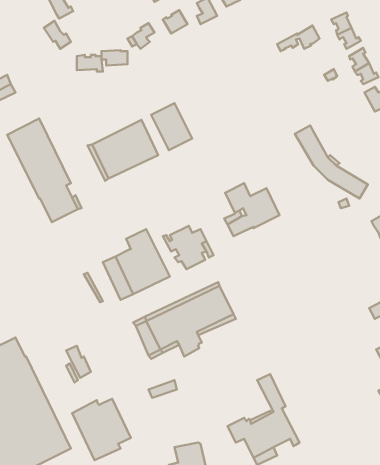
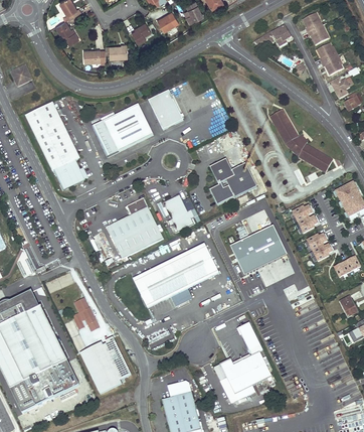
building: none -> [292,204,319,233]
building: none -> [230,227,286,275]
building: none -> [306,233,334,261]

